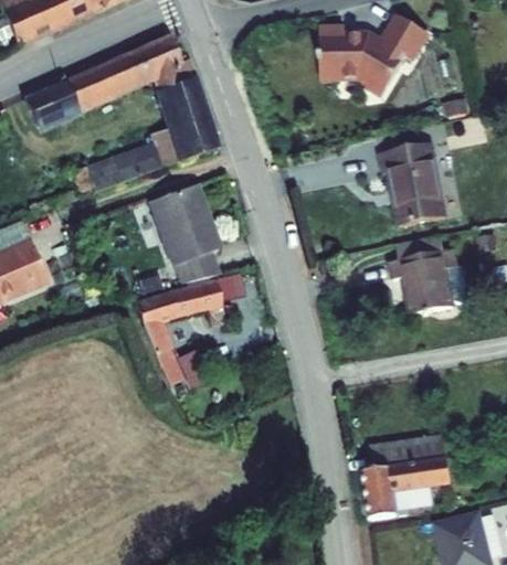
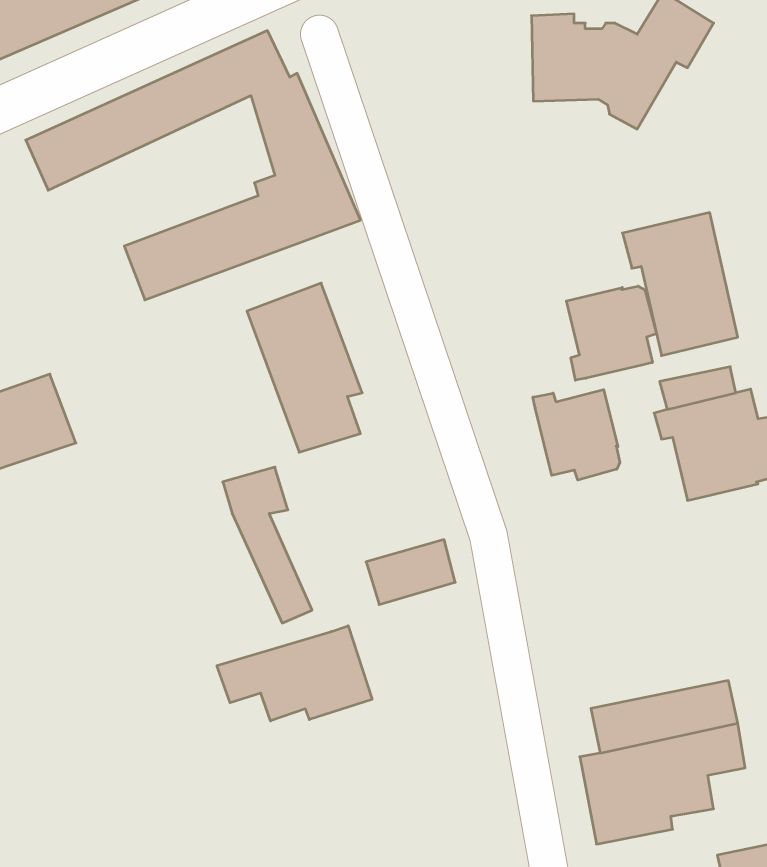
building: none -> [566,286,656,380]
building: none -> [533,390,620,480]
building: [169,280,222,319] -> [366,540,455,605]
building: none -> [217,626,372,721]

